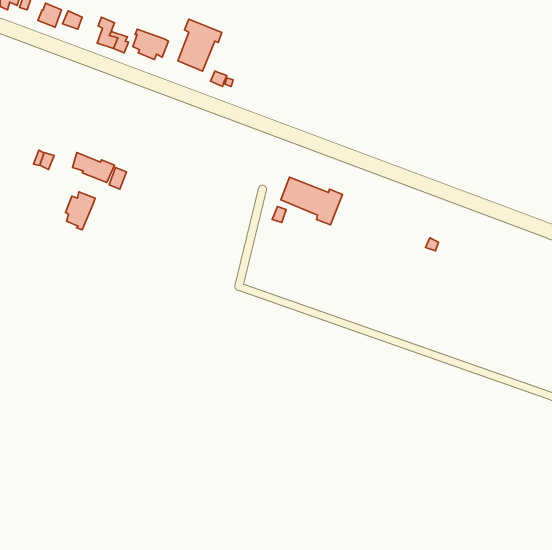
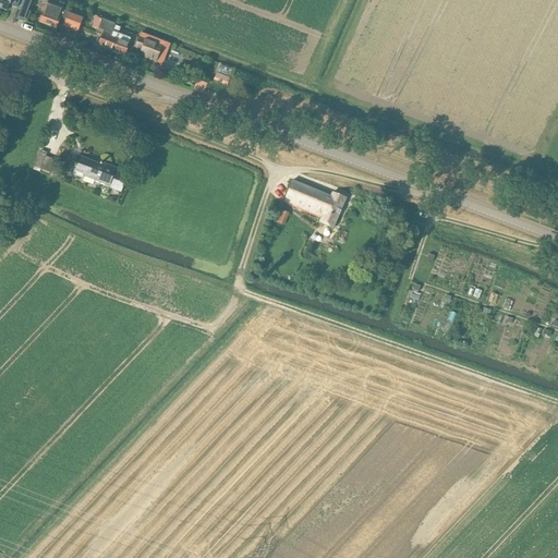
building: [178,19,222,71] -> none
building: [66,192,95,230] -> none

